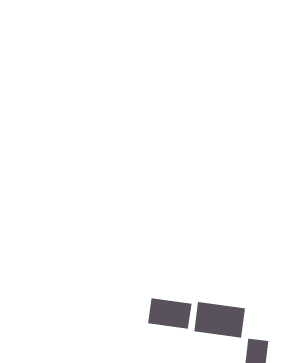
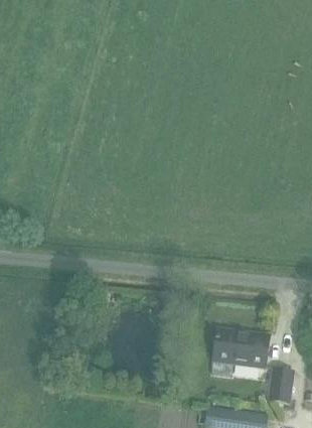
building: [147,298,192,329] -> none

